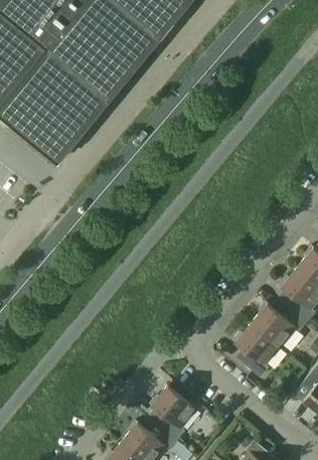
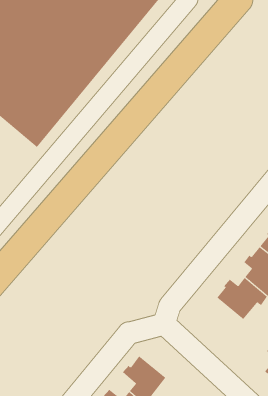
building: [234,322,281,377] -> none

